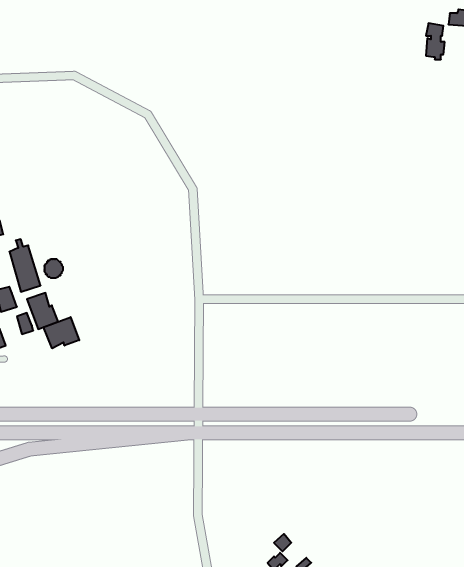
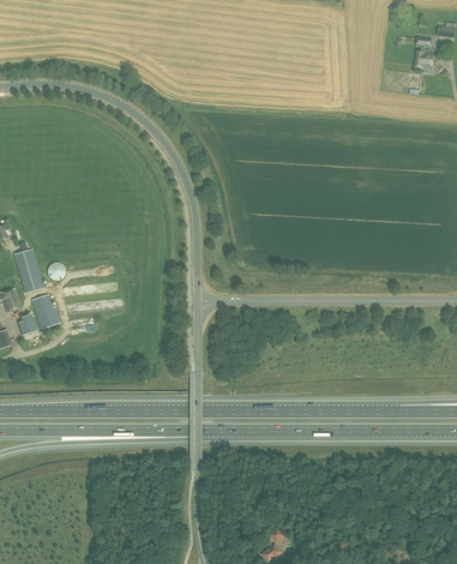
building: [44,317,79,348] -> none

